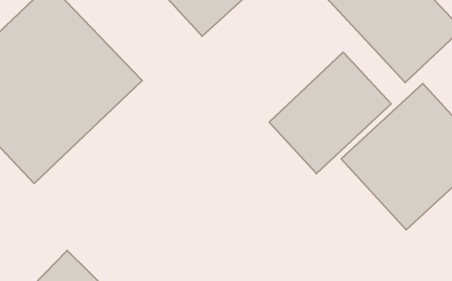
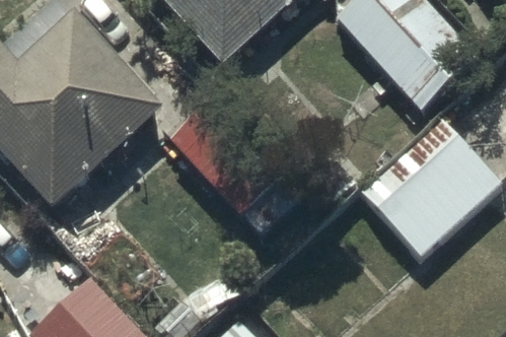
building: [269,52,391,174] -> none

